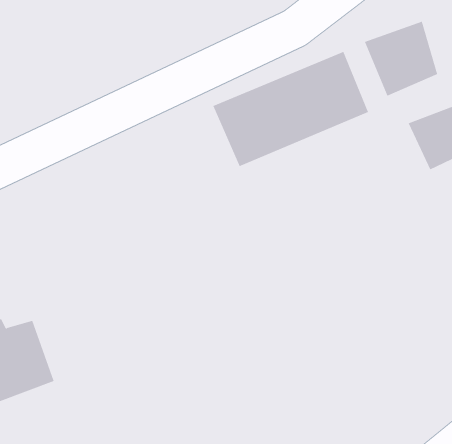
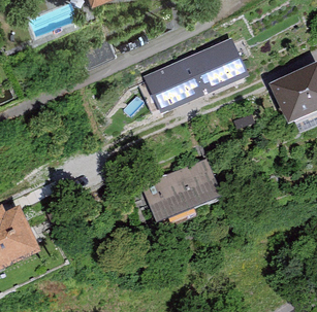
building: [364,21,438,97] -> none
building: none -> [148,161,223,216]

